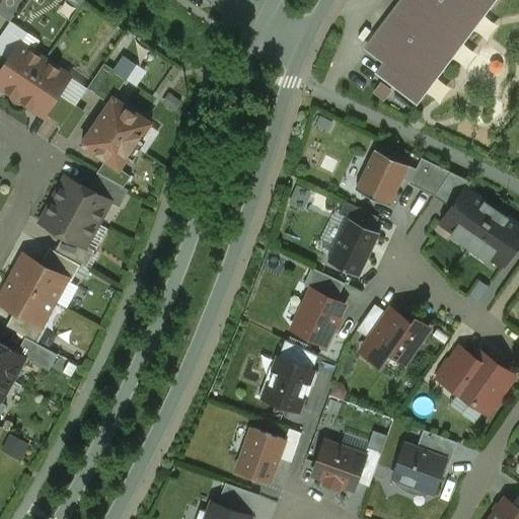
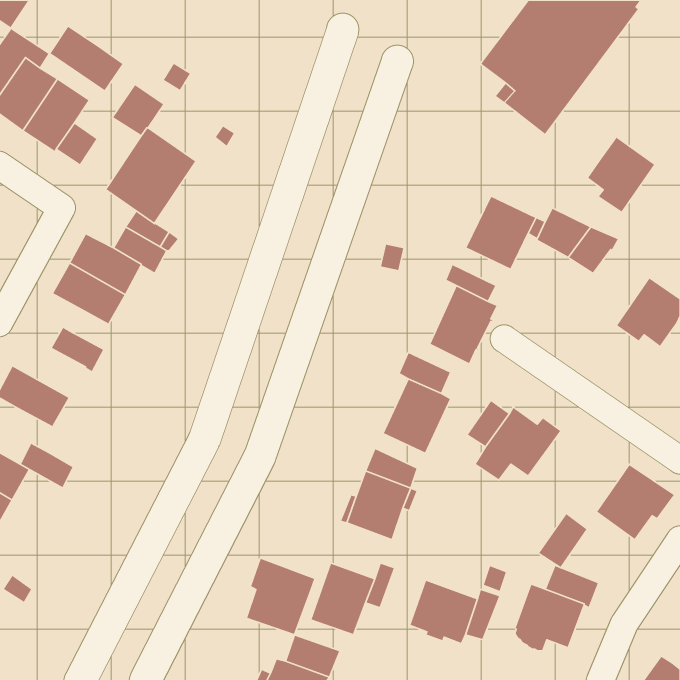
building: none -> [49,26,124,91]
building: [442,191,494,248] -> [587,136,655,212]
building: [53,236,93,270] -> none
building: [9,256,65,303] -> none
building: [4,311,46,345] -> none
building: [436,349,473,390] -> [538,513,588,568]
building: none -> [246,558,315,635]

